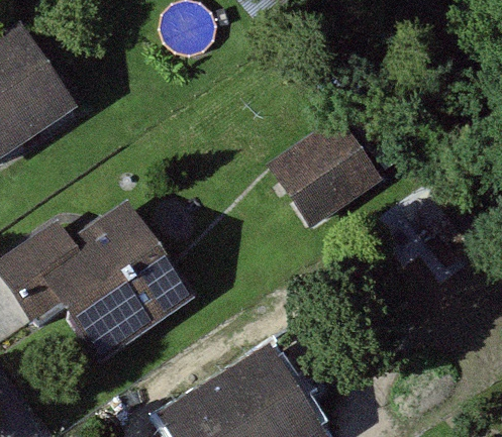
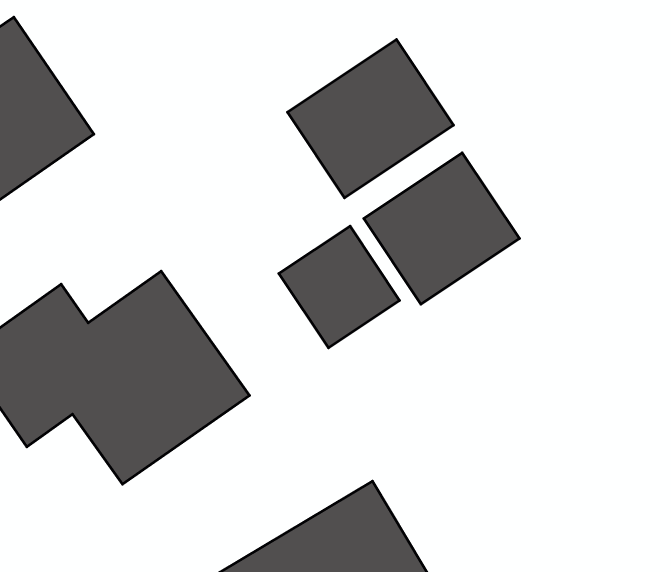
building: none -> [288,39,454,198]
building: none -> [279,226,400,348]

